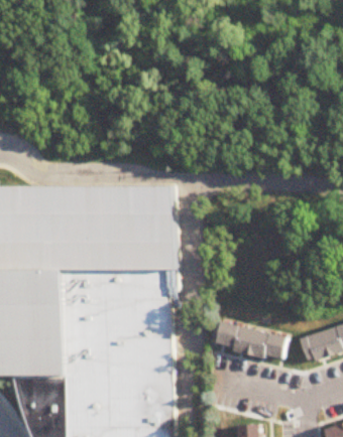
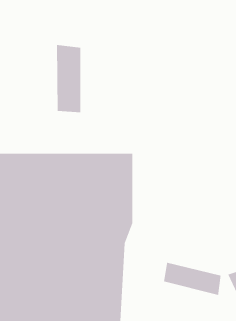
building: none -> [56,44,81,113]

